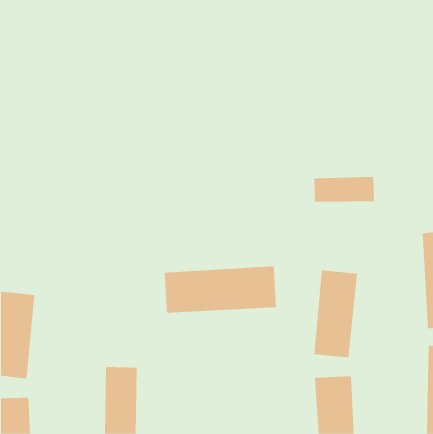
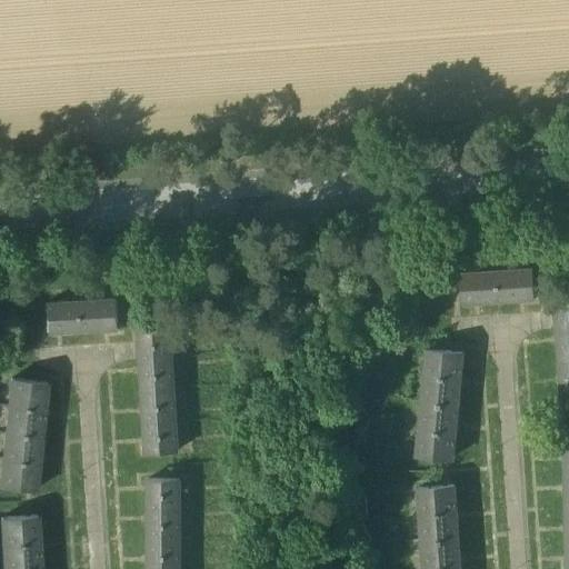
building: [313,177,375,202] -> [461,271,541,305]
building: none -> [42,299,122,332]
building: none -> [134,329,181,456]
building: [164,266,276,314] -> none

